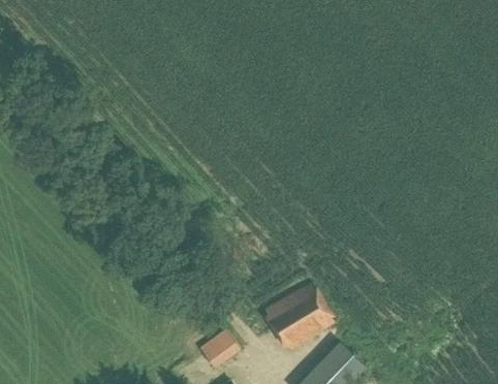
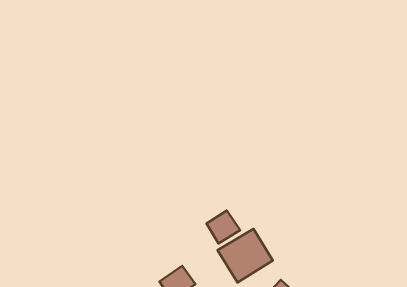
building: none -> [206,211,240,243]

